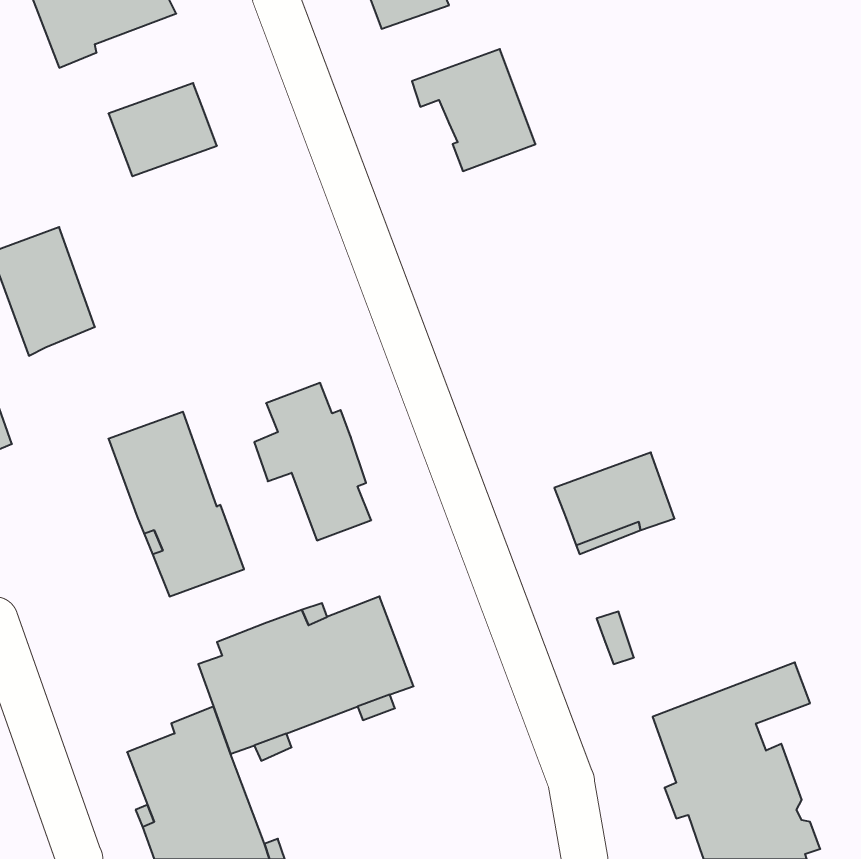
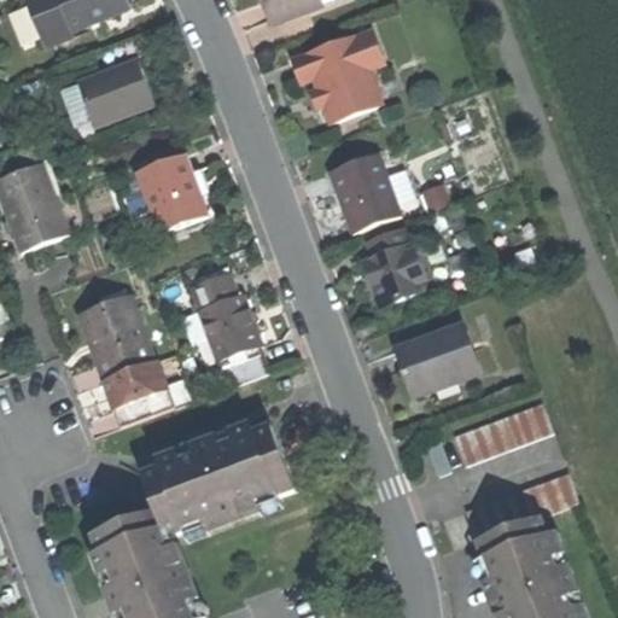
building: none -> [330,152,401,232]
building: none -> [136,153,206,233]
building: none -> [363,226,444,307]
building: none -> [454,401,552,462]

